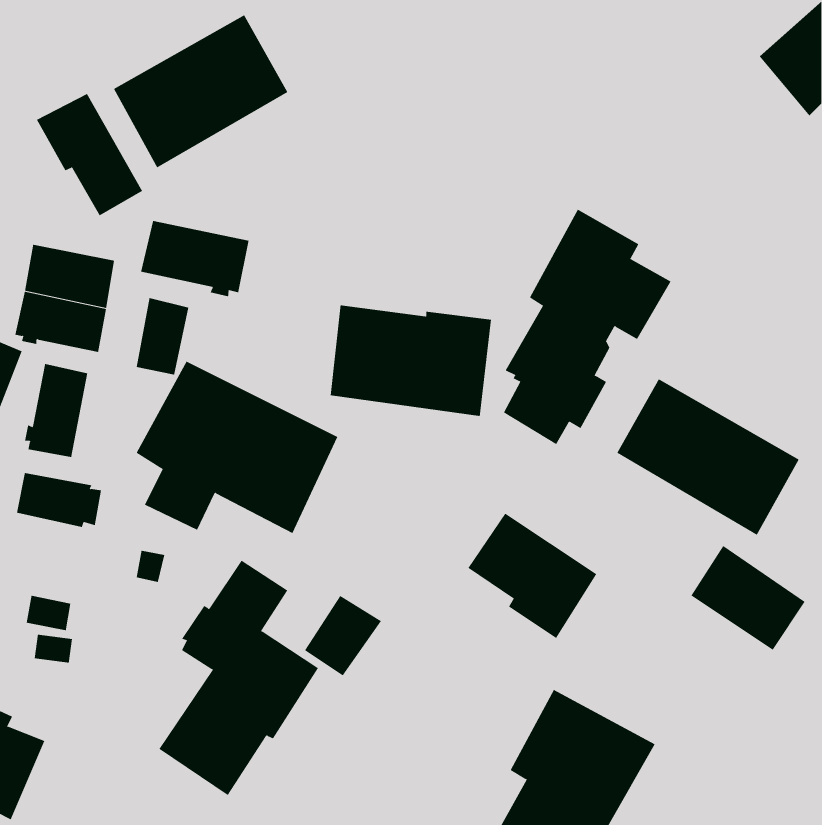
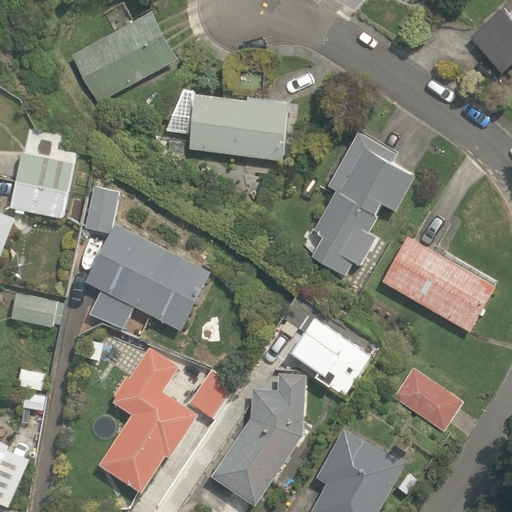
building: [36,93,143,216] -> none
building: [141,220,249,297] -> none
building: [330,305,492,416] -> [188,92,288,161]
building: [24,363,88,458] -> none
building: [691,545,805,650] -> [392,367,463,432]
building: none -> [210,373,305,506]

